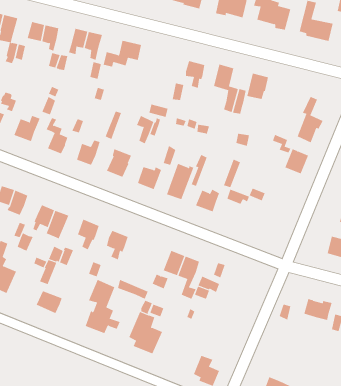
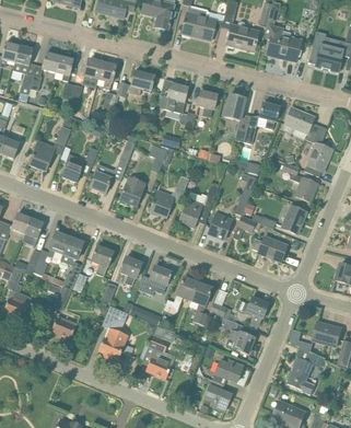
building: none -> [156,82,187,112]
building: none -> [284,108,319,141]
building: none -> [280,204,306,233]
building: none -> [251,235,286,261]
building: none -> [139,265,172,292]
building: none -> [238,297,268,325]
building: none -> [225,329,254,354]
building: none -> [286,351,324,394]
building: none -> [212,359,243,383]

